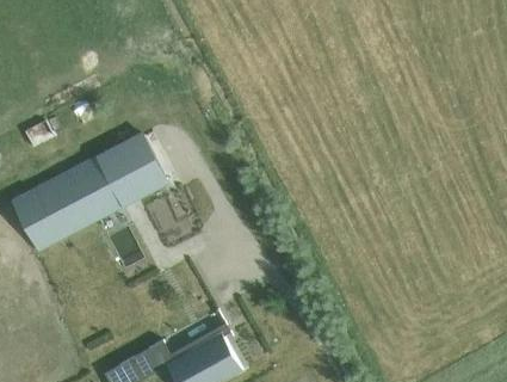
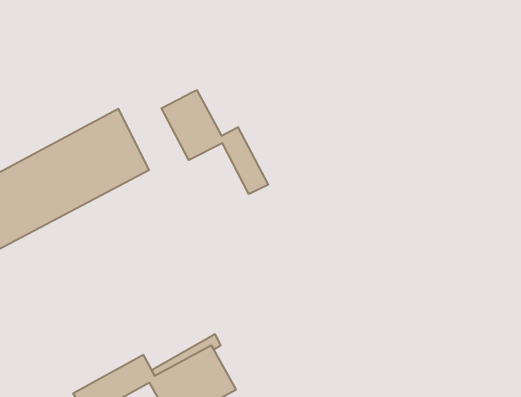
building: none -> [161,90,268,194]

